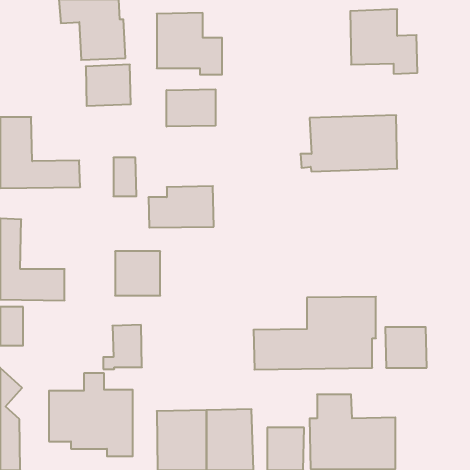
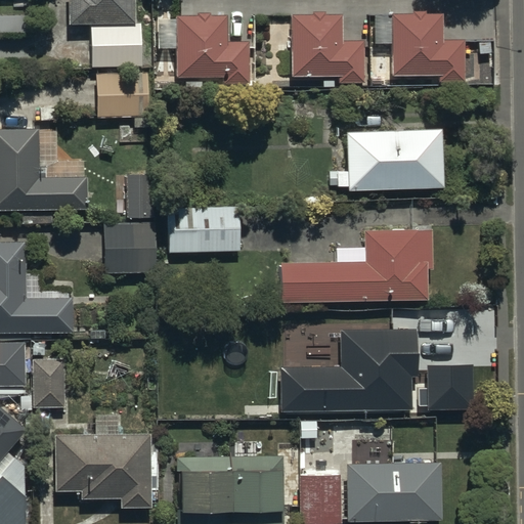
building: none -> [291,14,364,82]
building: [167,89,215,127] -> none
building: none -> [279,231,431,301]
building: [115,251,160,296] -> [103,223,154,272]
building: [103,325,142,369] -> [20,360,63,409]

